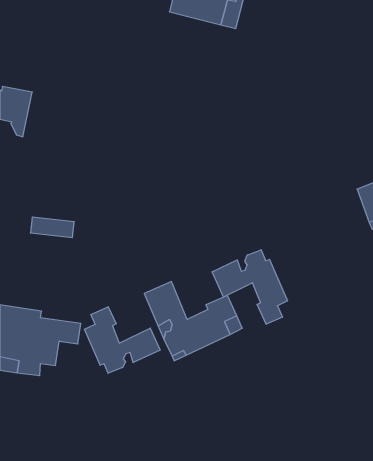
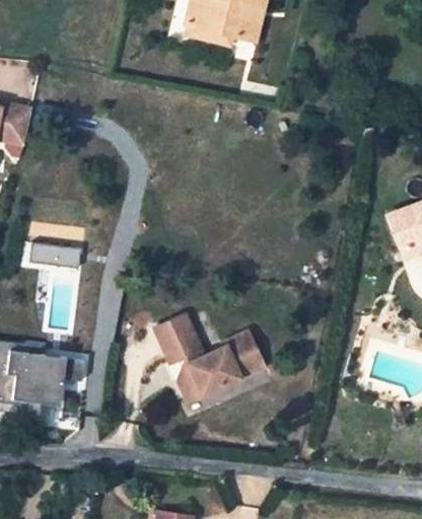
building: [212,250,287,324] -> none
building: [85,307,160,373] -> none

